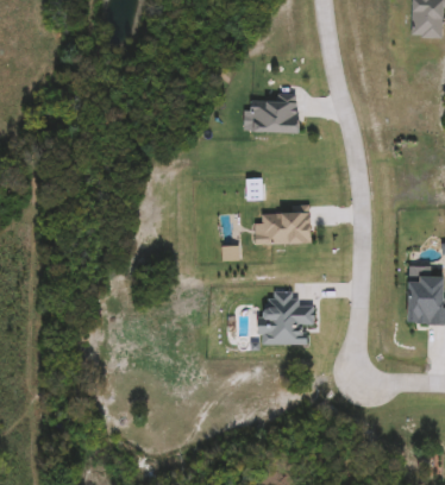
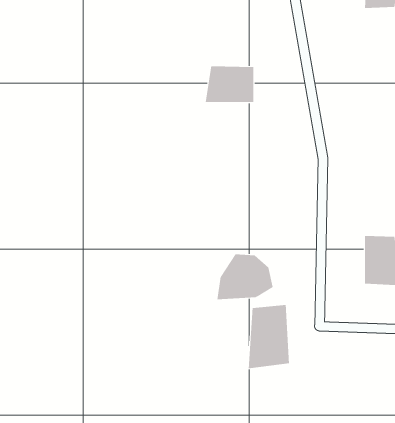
building: [255,209,313,247] -> none
building: none -> [248,304,289,369]

